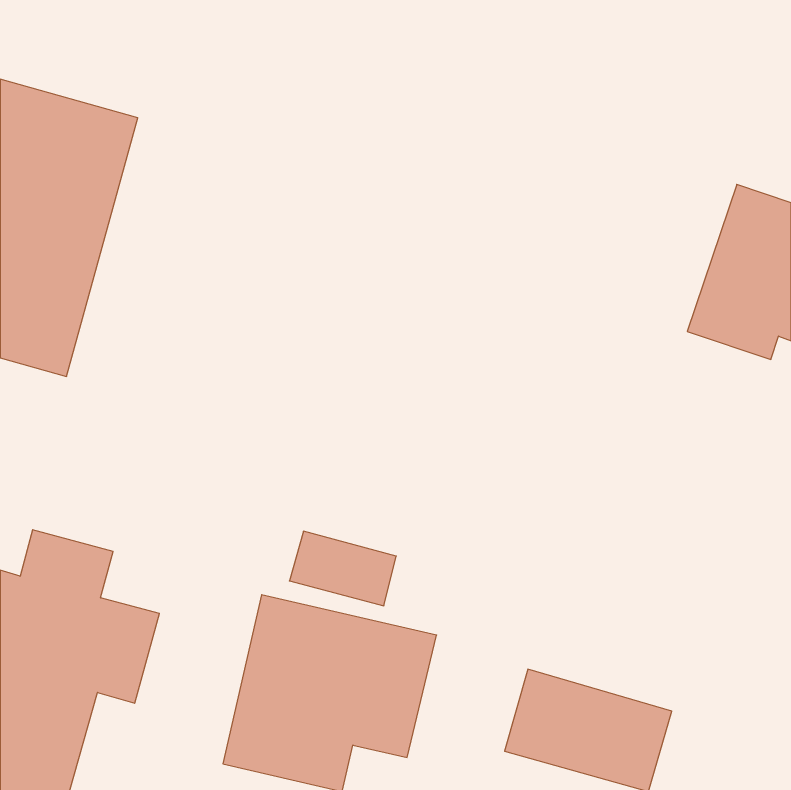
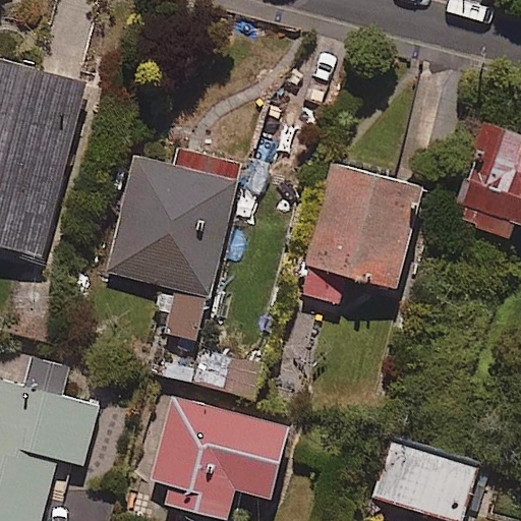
building: none -> [106,150,240,342]
building: none -> [298,166,420,304]

